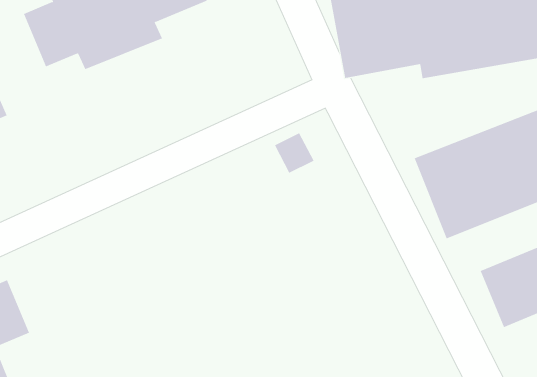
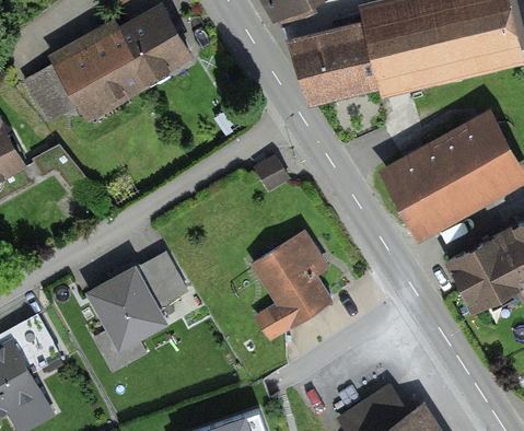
building: none -> [247,230,336,333]
building: none -> [89,256,190,373]

